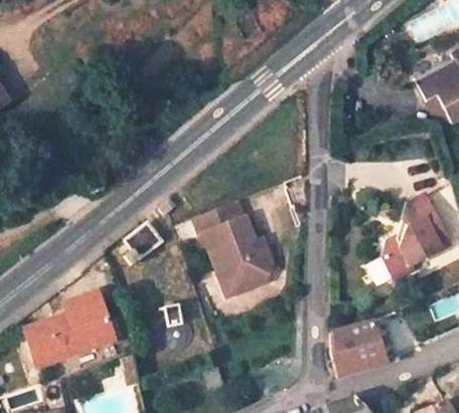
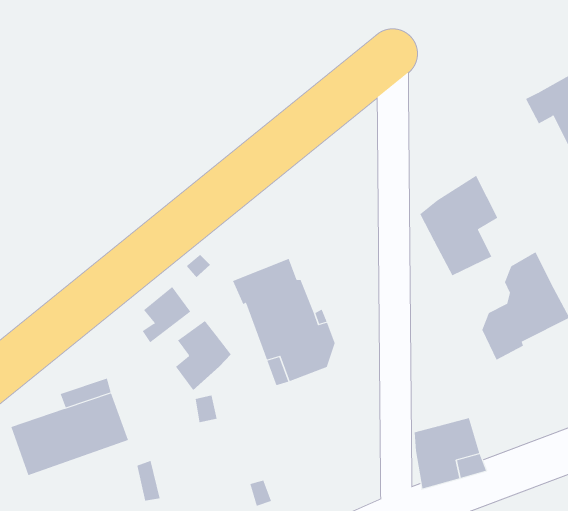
building: none -> [419,175,498,276]
building: none -> [175,320,231,391]

